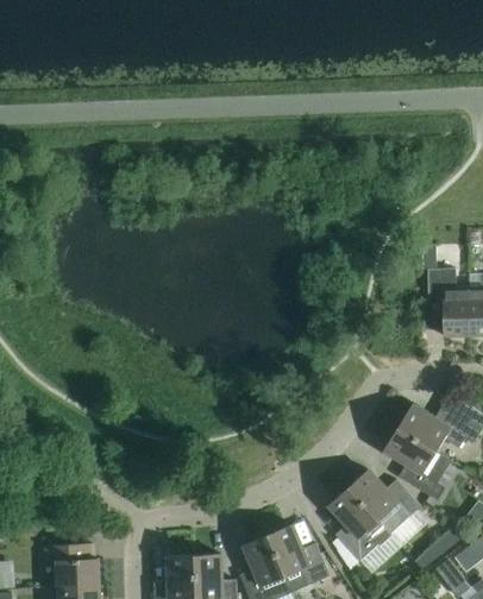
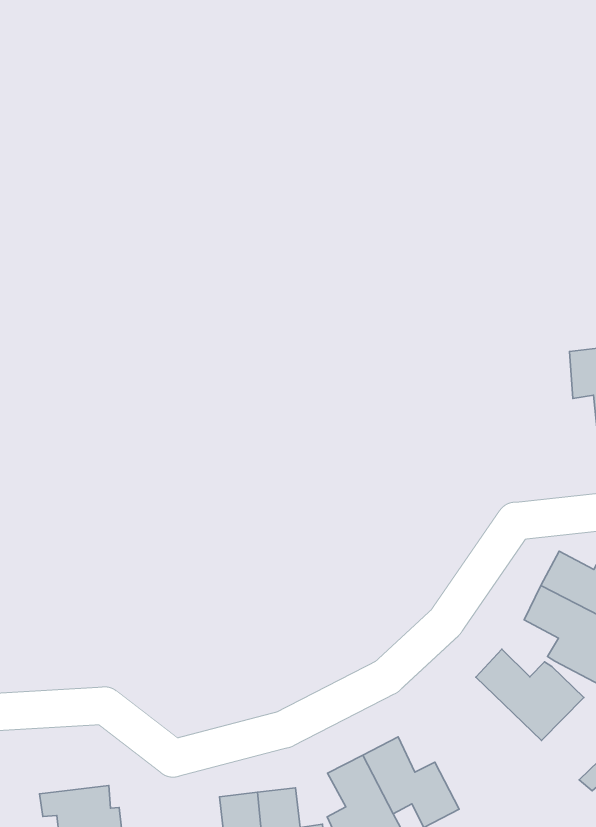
building: [327,487,390,562] -> none

